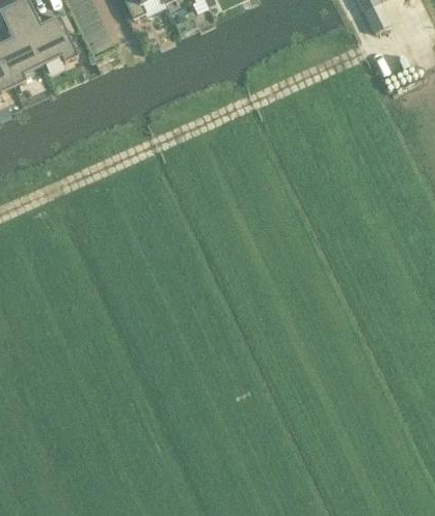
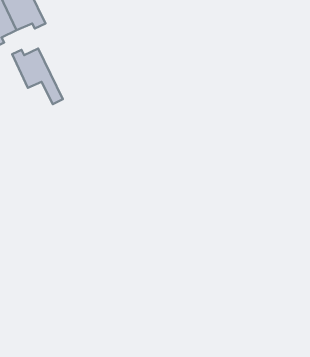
building: none -> [12,48,63,104]

